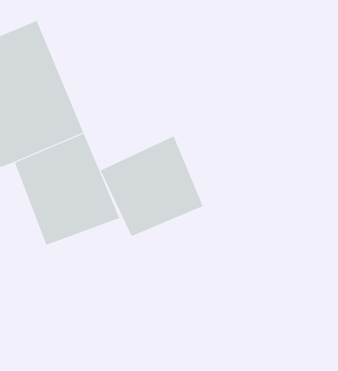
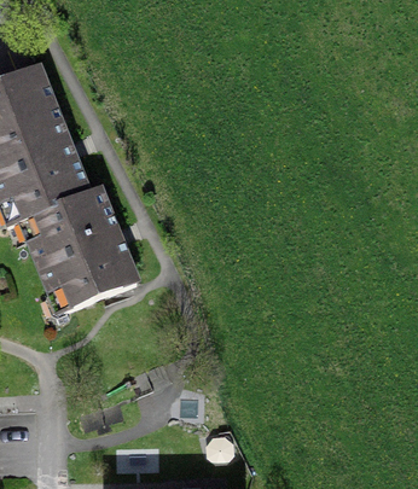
building: [100,136,204,237] -> none

